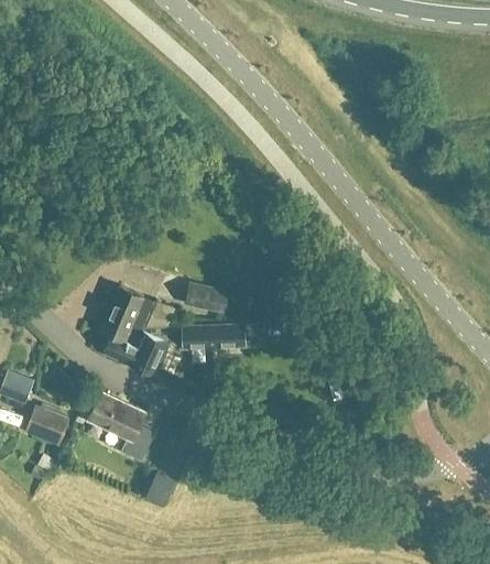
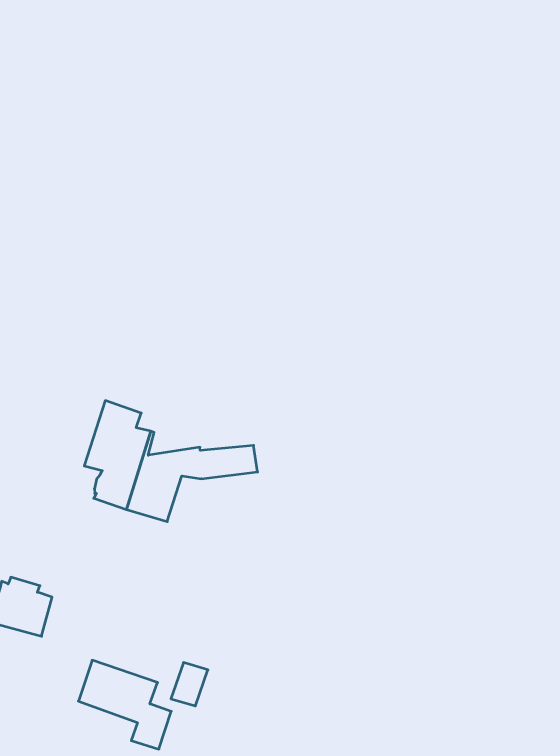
building: [185,282,230,314] -> none
building: [88,392,152,458] -> [78,660,171,749]

